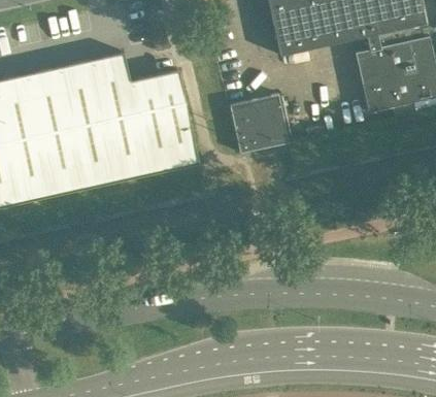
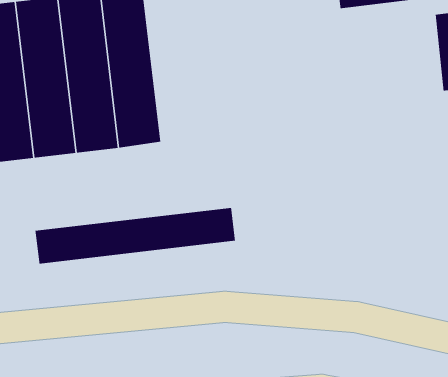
building: [130,69,199,173] -> none
building: [230,94,289,153] -> none
building: none -> [35,207,236,265]

